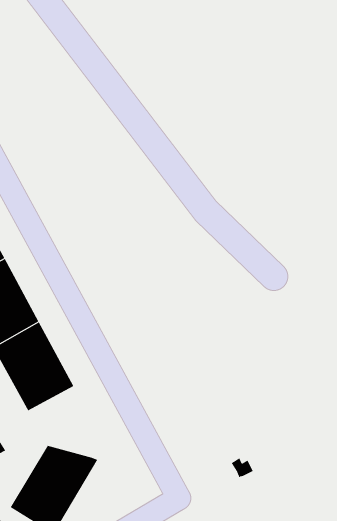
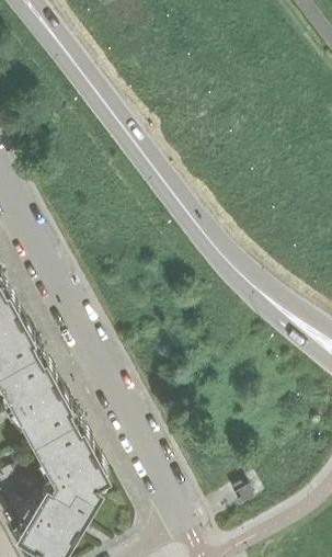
building: none -> [32,424,108,493]

